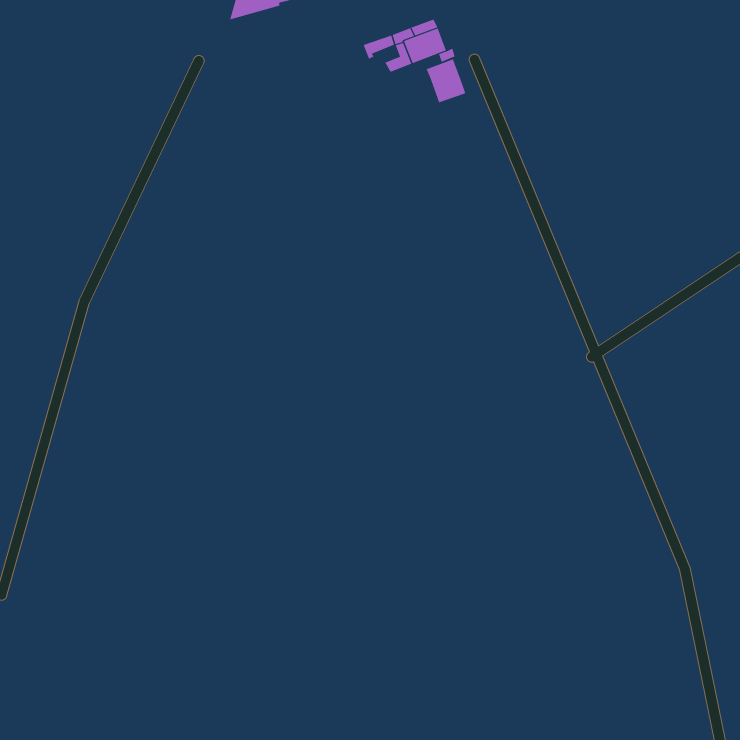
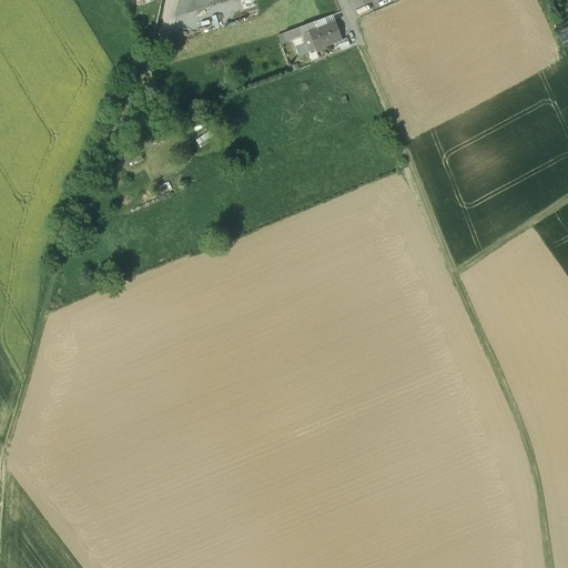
building: [426,58,466,103] -> none

